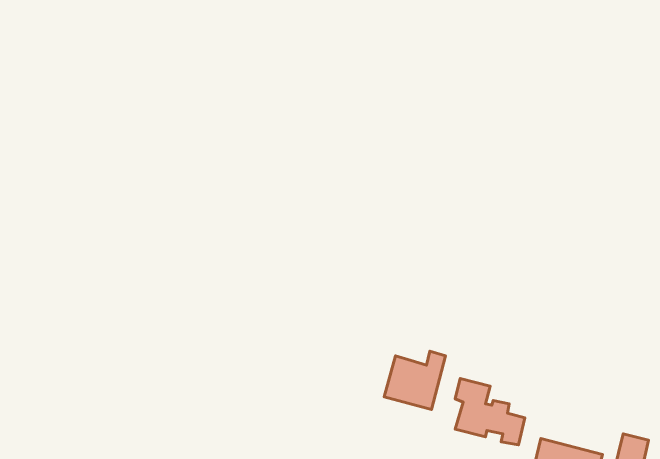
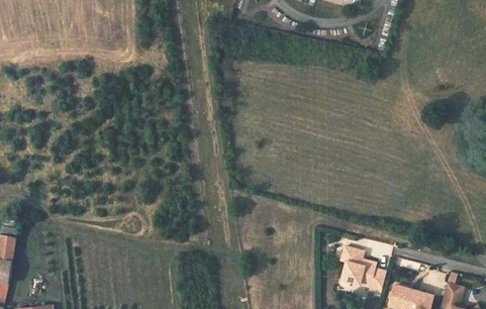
building: [384,351,445,409] -> none

